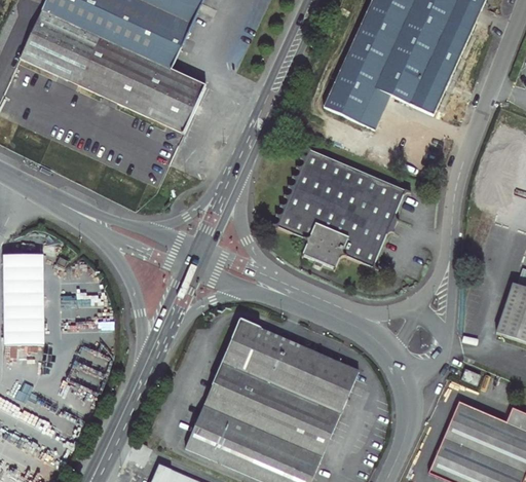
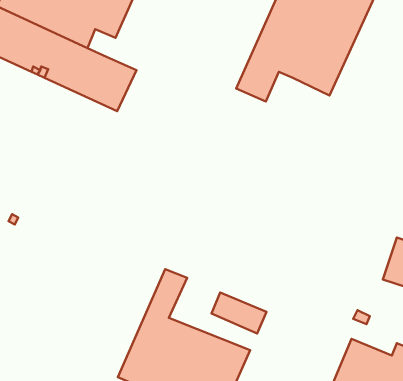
building: [148,36,181,69] -> none
building: [358,86,389,128] -> none
building: [271,145,410,269] -> none
building: [243,329,347,414] -> none

